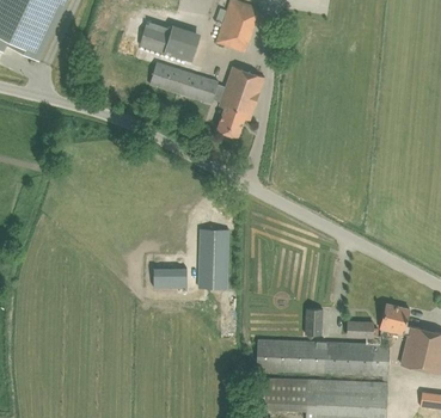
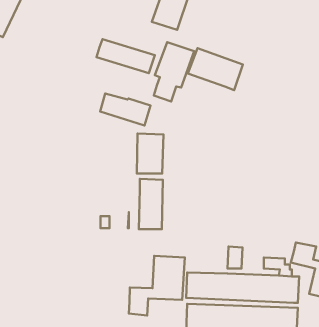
building: [139,24,198,62] -> [100,93,151,126]
building: none -> [188,48,243,90]
building: none -> [137,133,164,173]
building: none -> [129,256,185,315]

